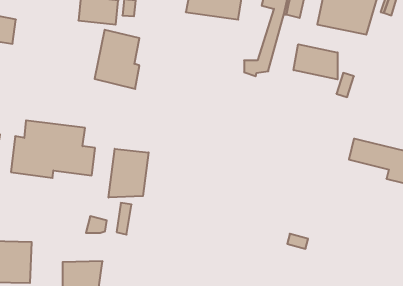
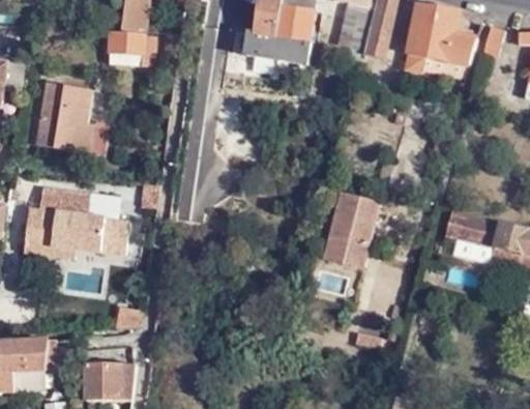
building: [95,30,139,89] -> [39,81,95,154]
building: [294,44,338,79] -> none
building: none -> [322,193,377,267]
building: [109,149,149,198] -> none

